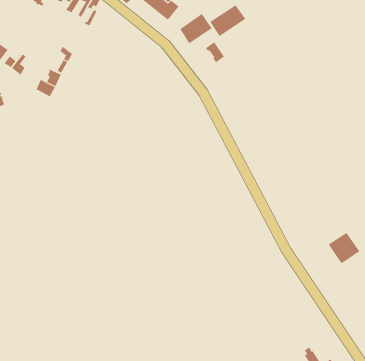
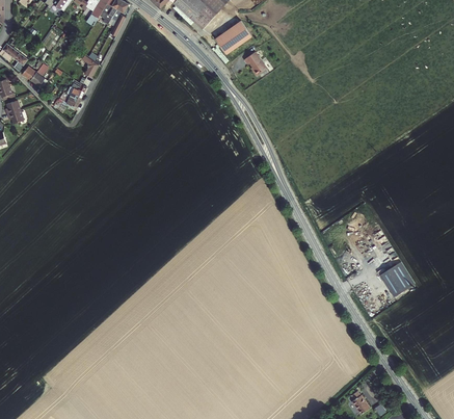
building: [209,5,246,37] -> none

